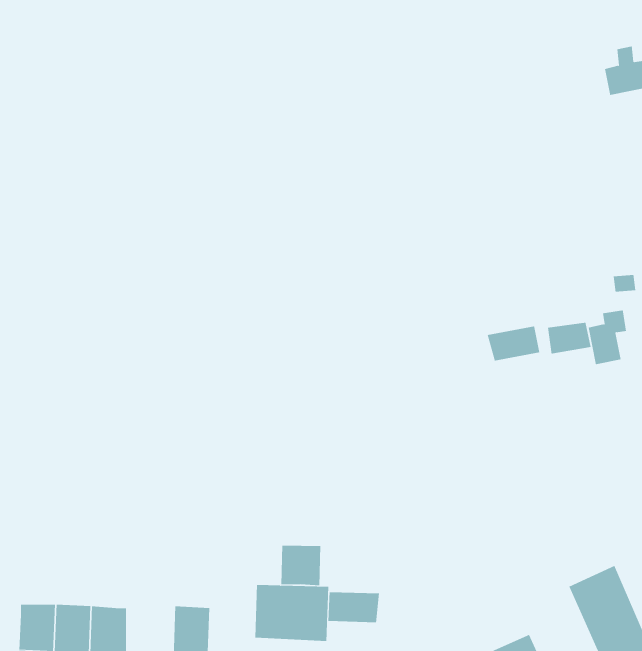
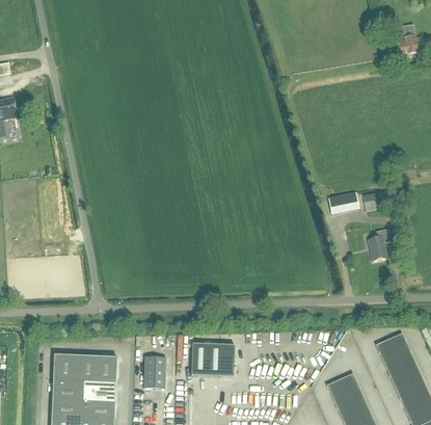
building: [588,310,627,365] -> [368,228,390,260]
building: [281,545,321,586] -> none
building: [328,592,379,623] -> none

